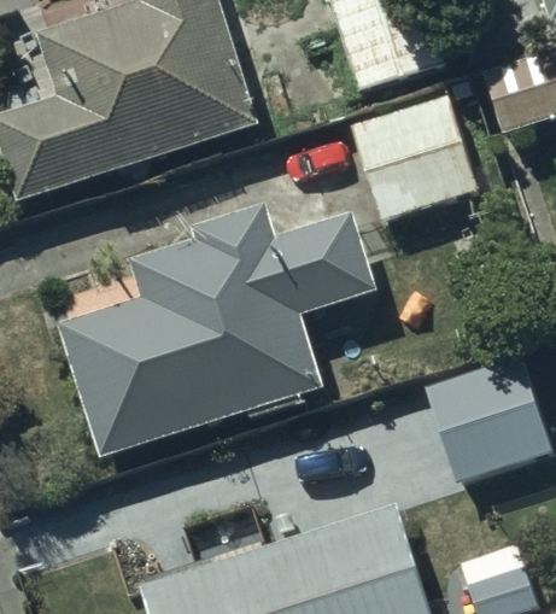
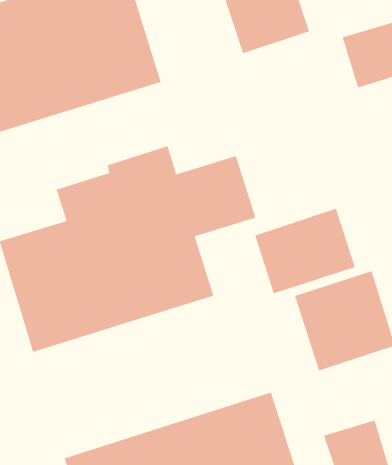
building: [352,95,478,220] -> none
building: none -> [255,208,355,294]

